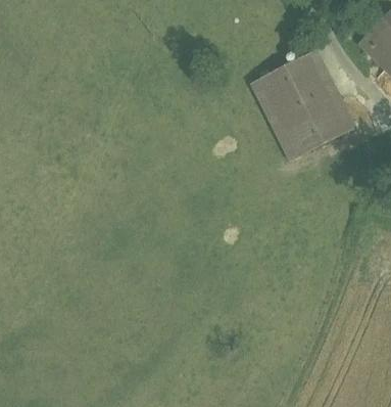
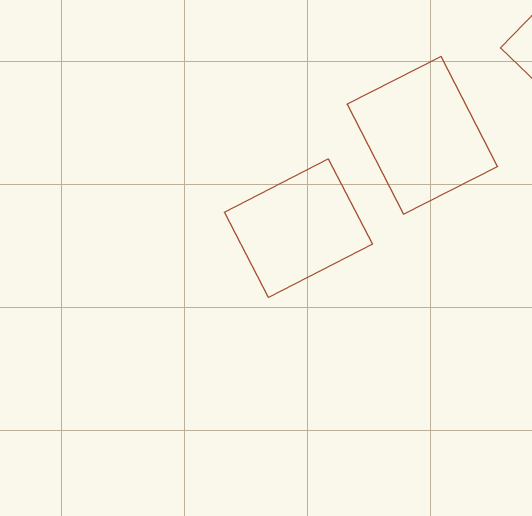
building: none -> [224,159,373,297]

